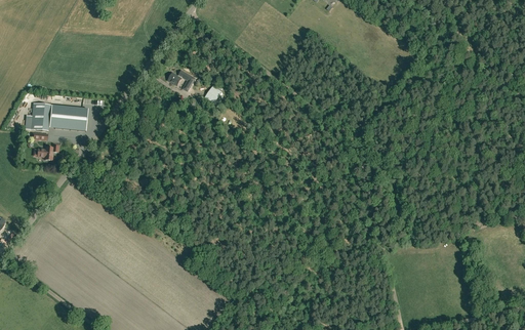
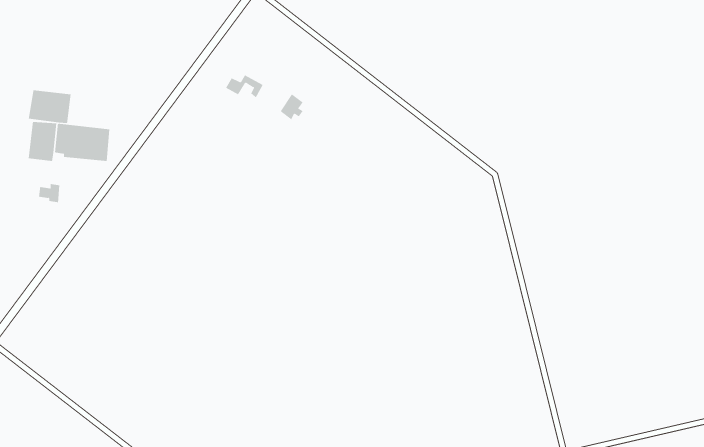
building: none -> [28,89,71,124]

